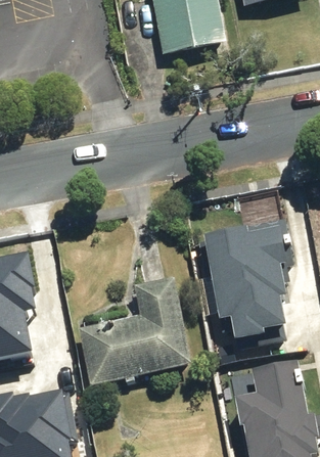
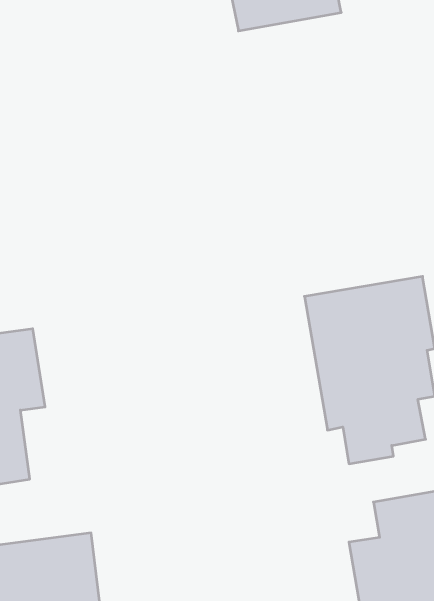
building: [76,276,189,382] -> none

